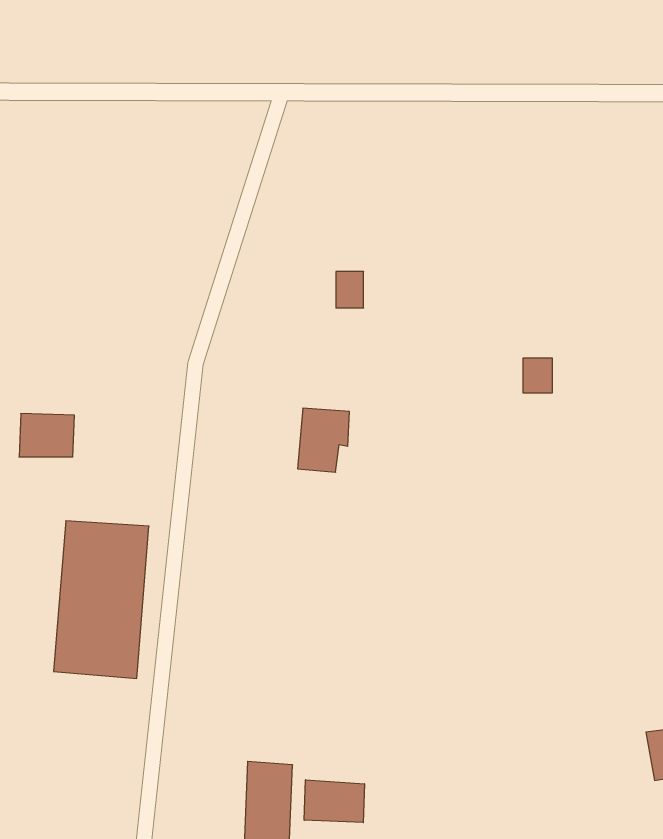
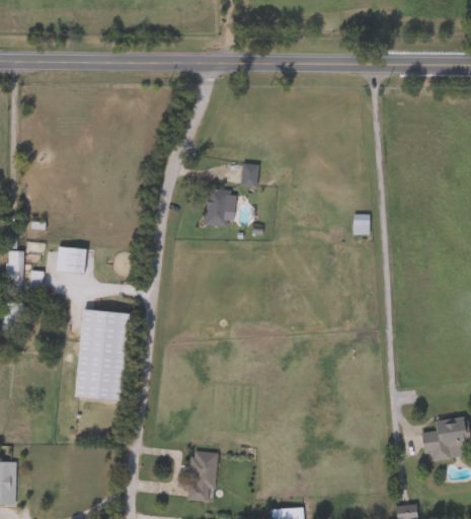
building: [298,408,349,472] -> [205,189,235,226]
building: [304,780,364,823] -> none

